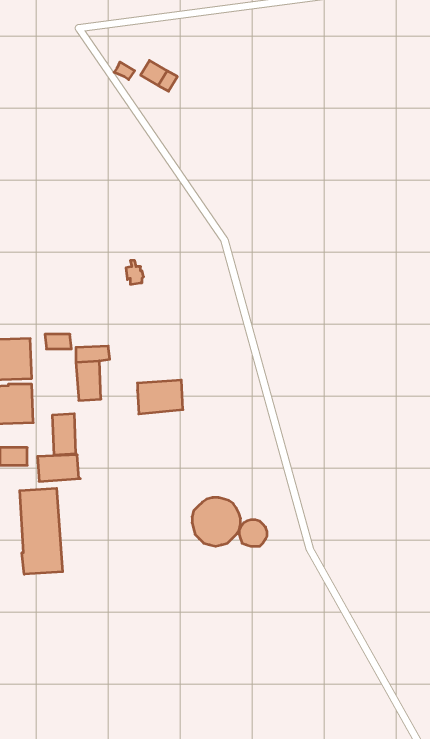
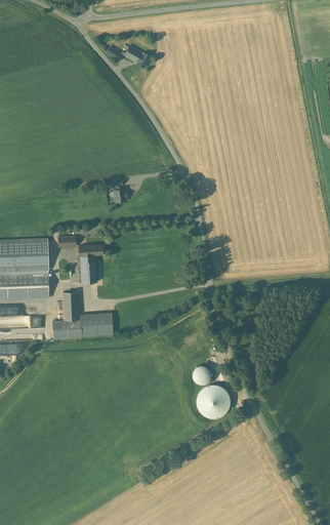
building: [137,380,183,414] -> [80,314,112,337]
building: [20,488,63,574] -> none
building: [192,498,241,546] -> [197,386,231,419]

